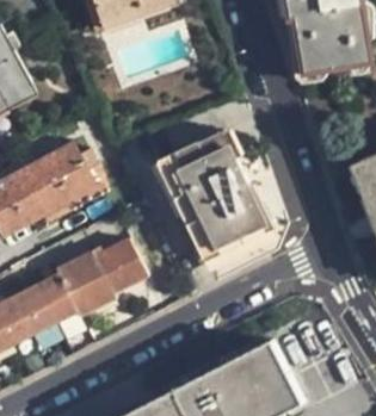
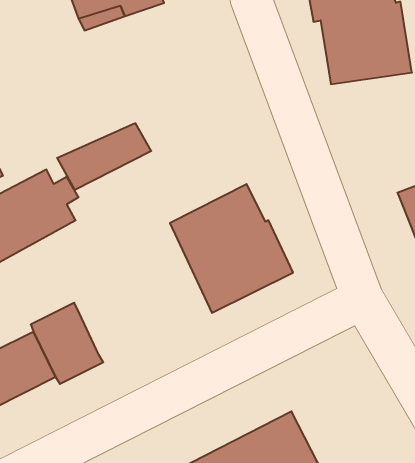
building: [156,131,234,186] -> [57,123,151,190]
building: [94,238,148,294] -> none

